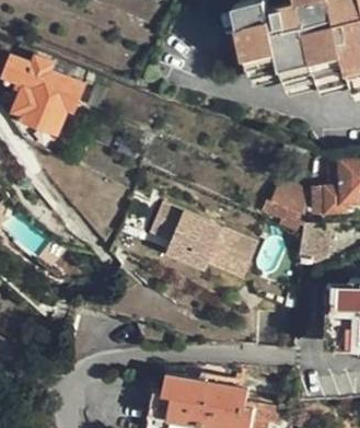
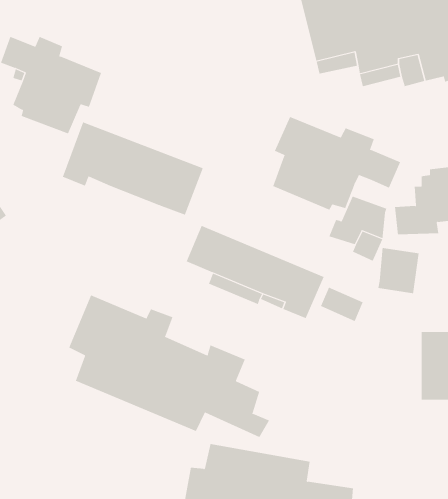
building: none -> [273,116,401,210]
building: none -> [62,122,203,216]
building: none -> [68,295,270,438]

